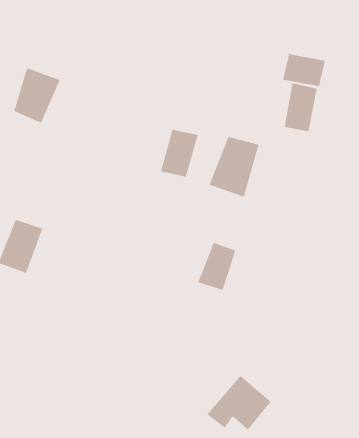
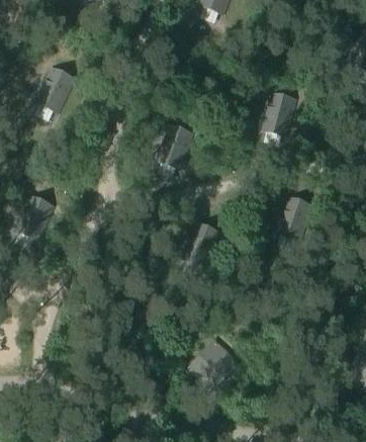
building: [282,53,326,87] -> none
building: [209,136,259,198] -> none
building: none -> [278,197,311,239]

